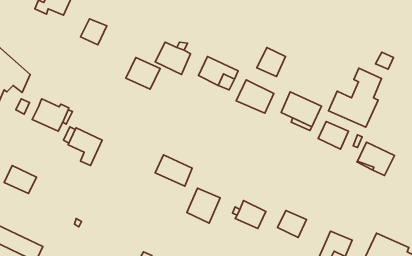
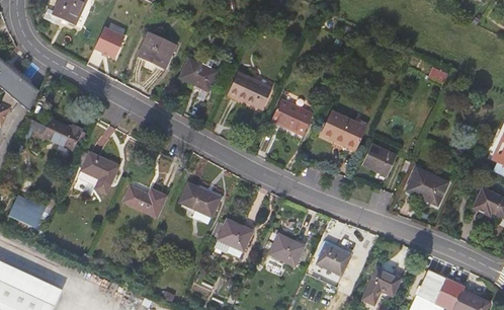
building: [257,47,286,76] -> none
building: [126,58,160,89] -> [138,32,176,68]
building: [328,68,382,127] -> none
building: none -> [123,186,166,217]

